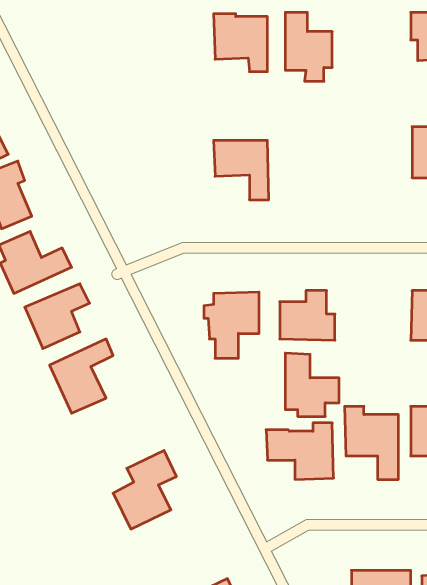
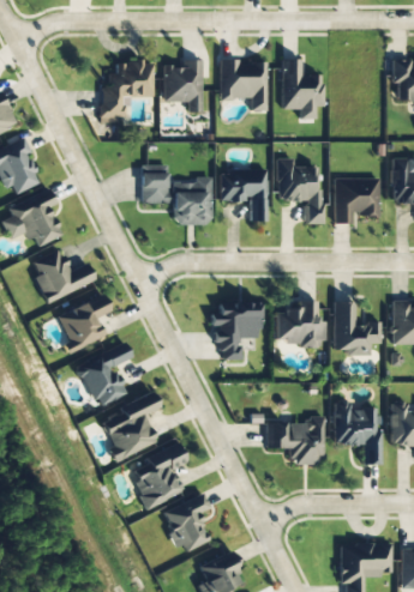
building: none -> [100,60,154,121]
building: none -> [163,62,203,111]
building: none -> [277,158,322,224]
building: none -> [142,173,211,225]
building: none -> [334,177,379,224]
building: [285,353,339,416] -> [334,301,380,356]
building: none -> [100,392,161,461]
building: none -> [162,494,210,551]

